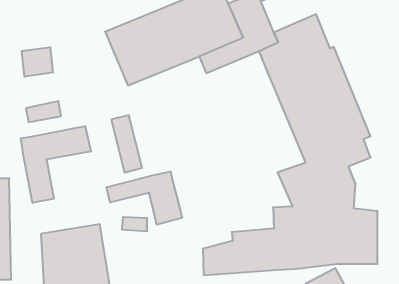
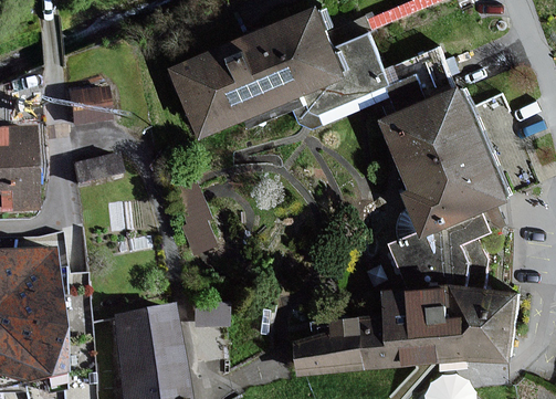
building: [21,126,91,203] -> none
building: [106,171,182,225] -> none

